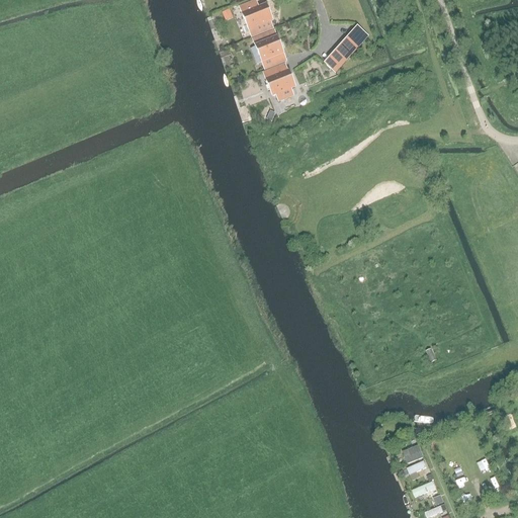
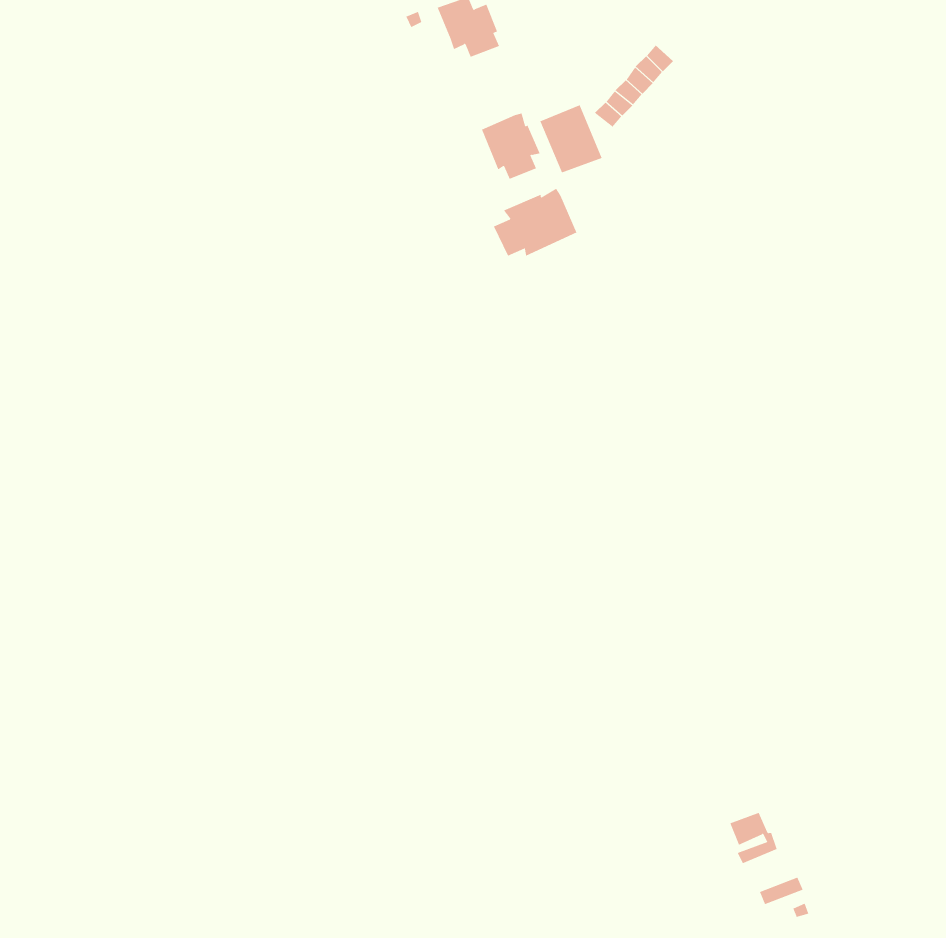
building: [252,28,286,66] -> [539,105,602,173]
building: none -> [493,188,577,257]

